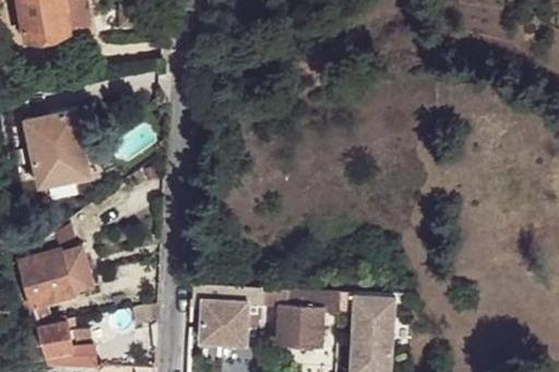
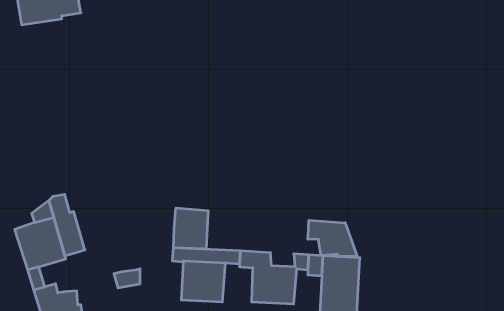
building: [23,108,90,185] -> none
building: none -> [174,208,208,249]
building: none -> [308,220,357,257]

